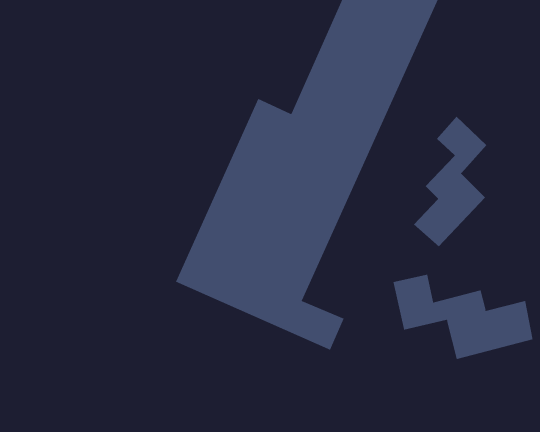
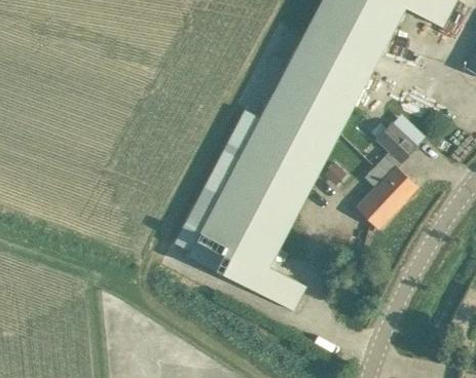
building: [393,274,533,360] -> none

